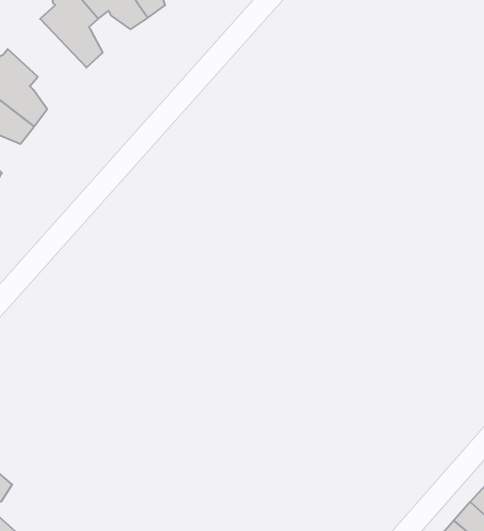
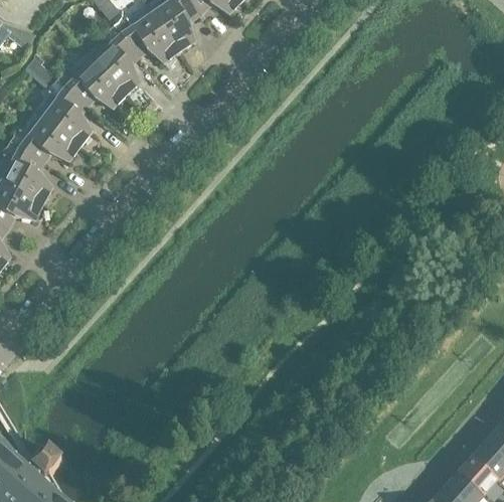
building: none -> [57,54,126,110]

